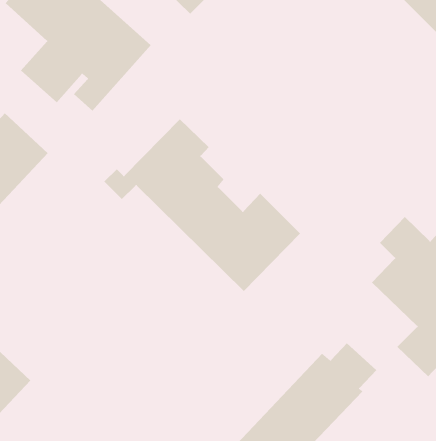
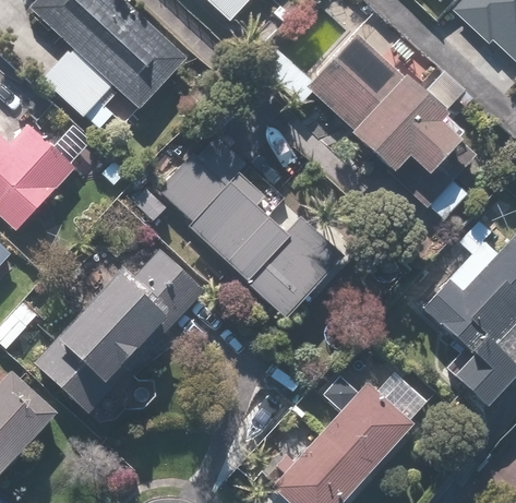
building: none -> [309,34,469,218]
building: none -> [32,249,205,426]

